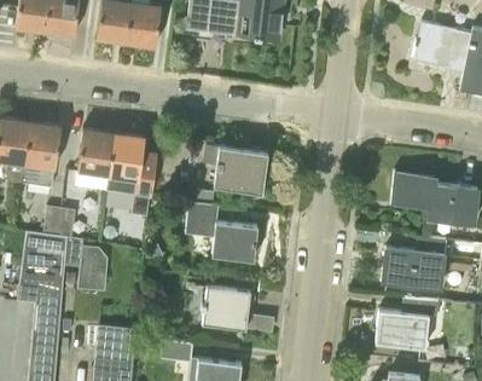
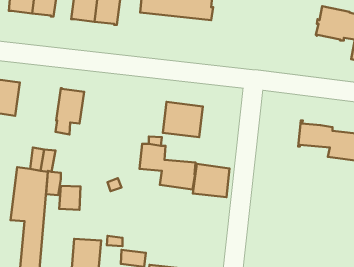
building: [23,121,62,185] -> none
building: [106,133,157,215] -> none
building: [384,236,446,287] -> none
building: [203,285,250,329] -> [193,164,229,197]
building: [376,298,439,350] -> none

